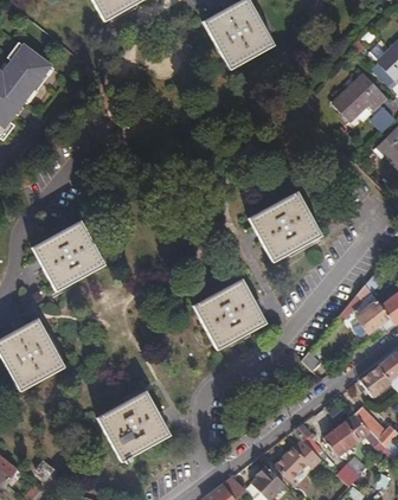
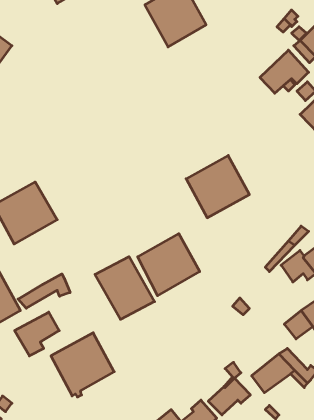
building: none -> [95,257,155,319]
building: none -> [18,274,70,308]
building: none -> [15,312,59,356]

